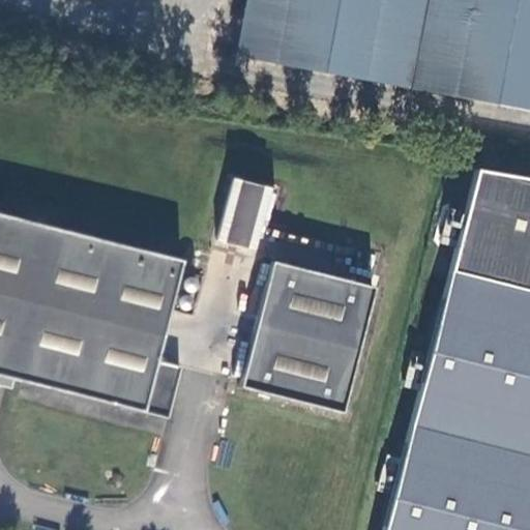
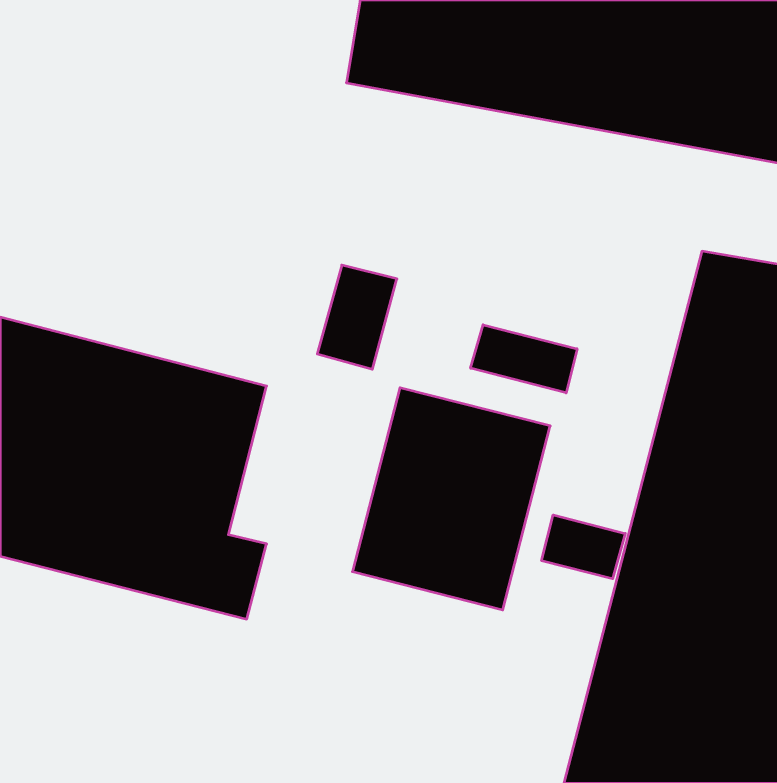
building: none -> [471,325,577,393]
building: none -> [542,515,625,579]

